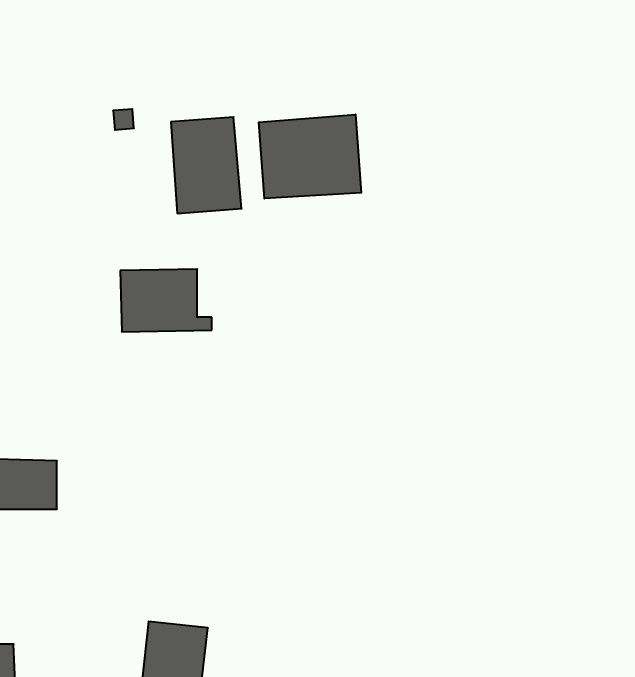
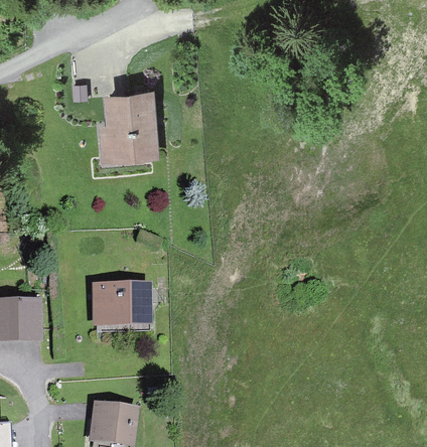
building: [259,114,361,199] -> none
building: [120,269,212,332] -> [96,286,153,325]

